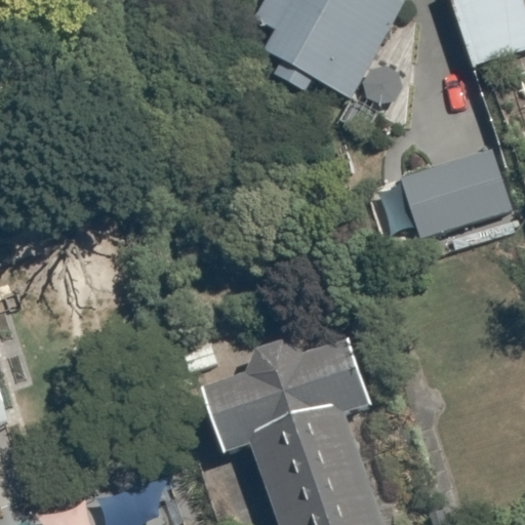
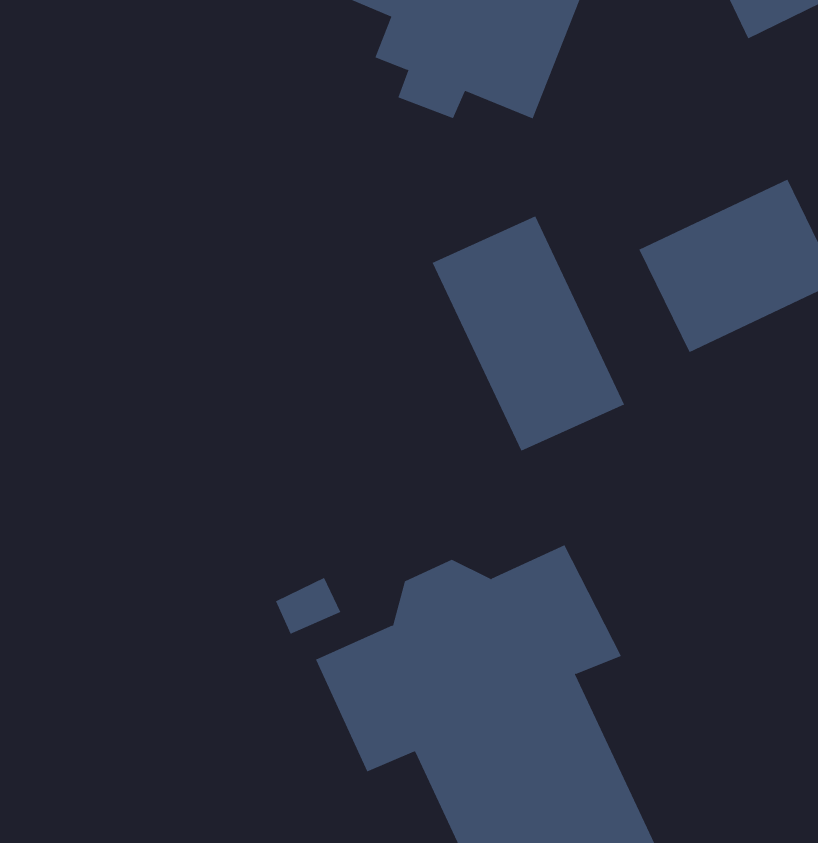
building: none -> [432,216,625,452]

